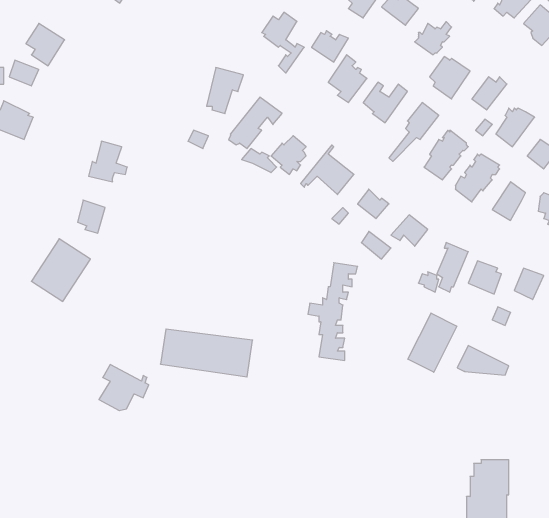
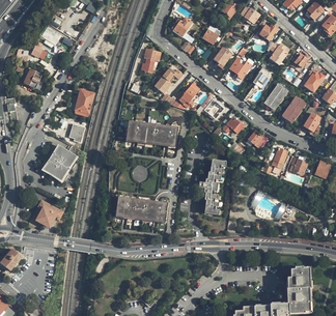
building: none -> [127,114,185,145]
building: [408,313,457,372] -> none
building: [99,365,149,411] -> [35,199,63,225]

